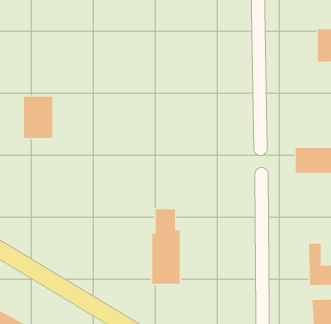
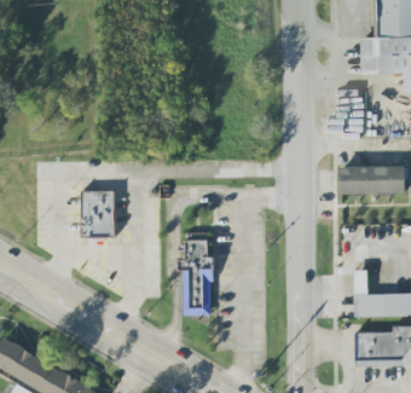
building: [23,96,53,138] -> [80,192,112,238]

